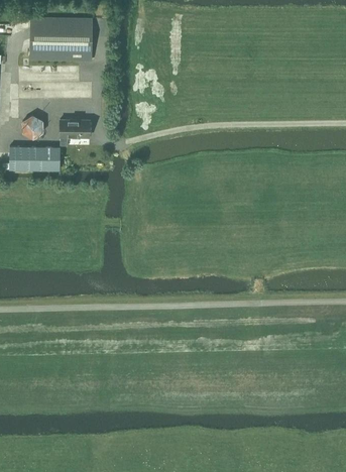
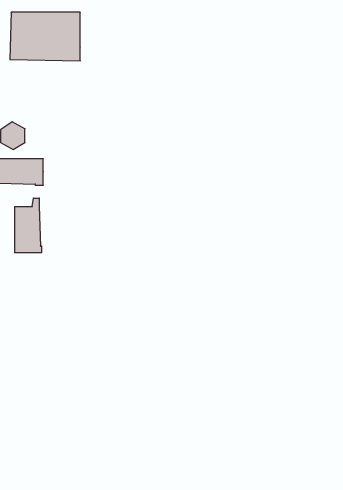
building: [60,120,90,137] -> none
building: none -> [15,198,42,253]

